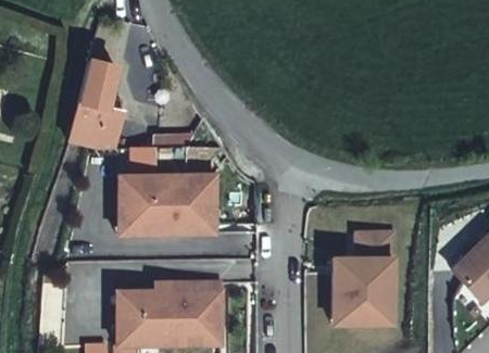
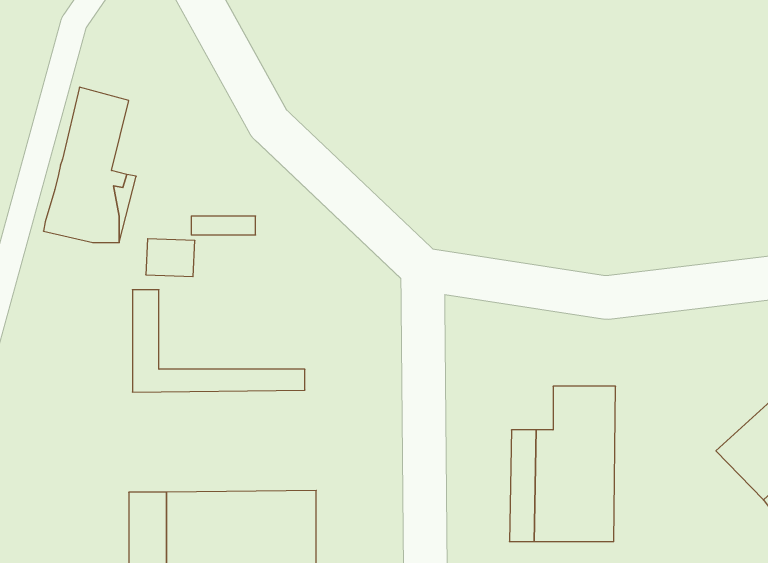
building: [134,175,217,222] -> none

